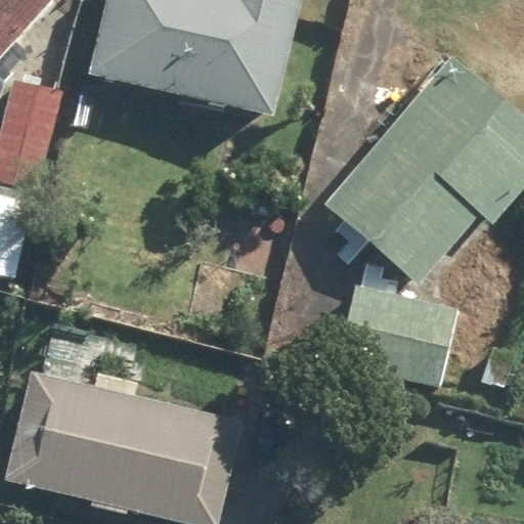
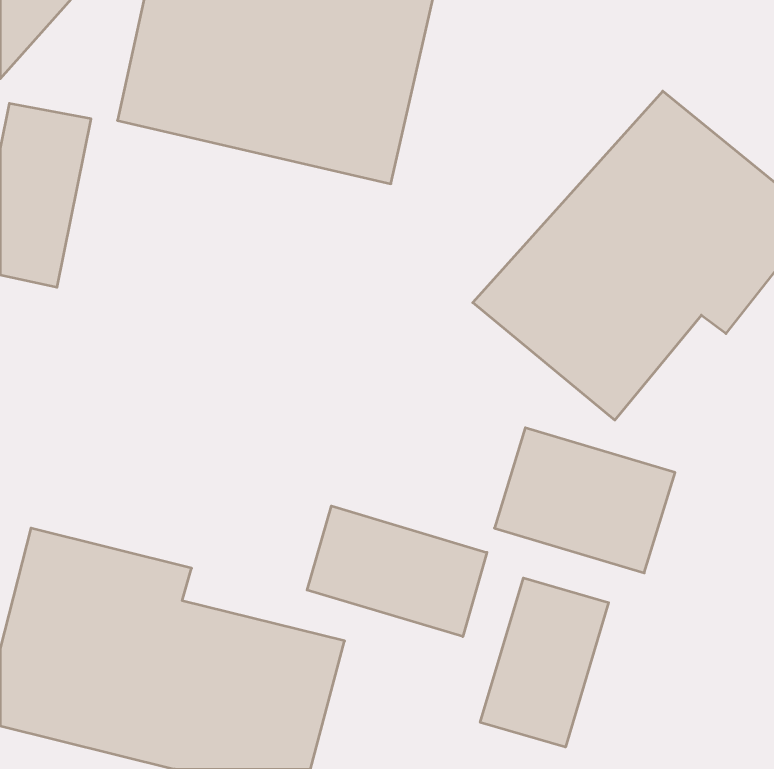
building: none -> [307,506,487,637]
building: none -> [480,578,609,747]

